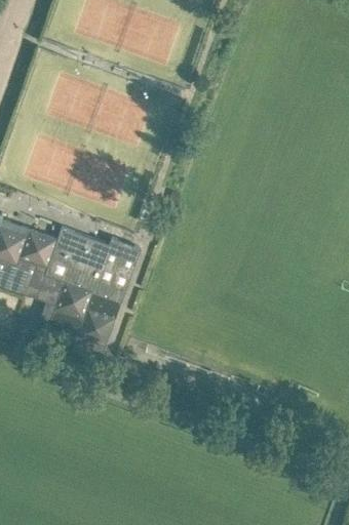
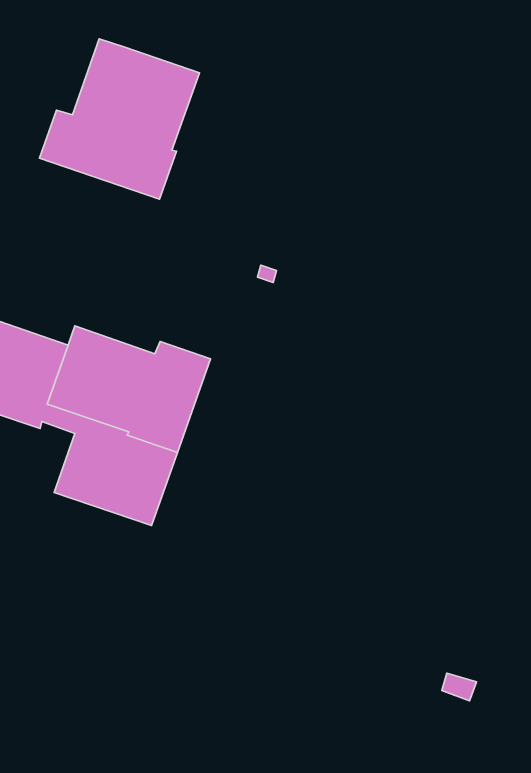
building: none -> [39,39,199,199]

